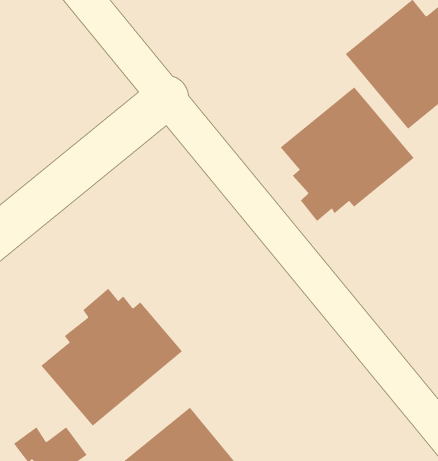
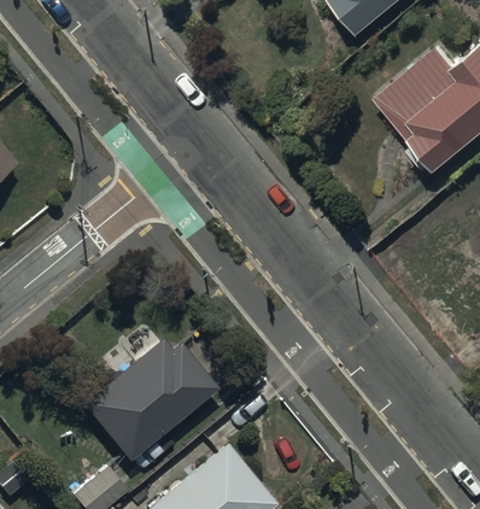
building: [280,87,414,222] -> none

